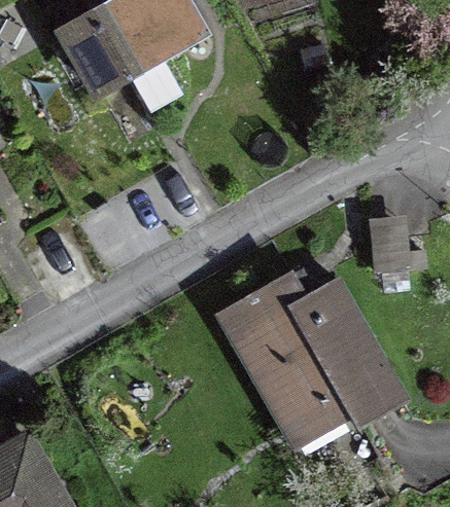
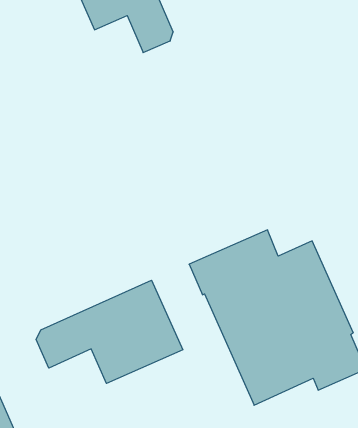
building: none -> [36,280,183,383]

